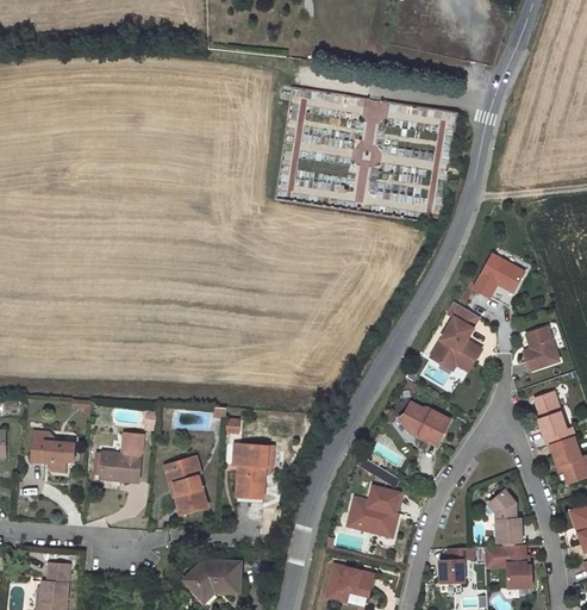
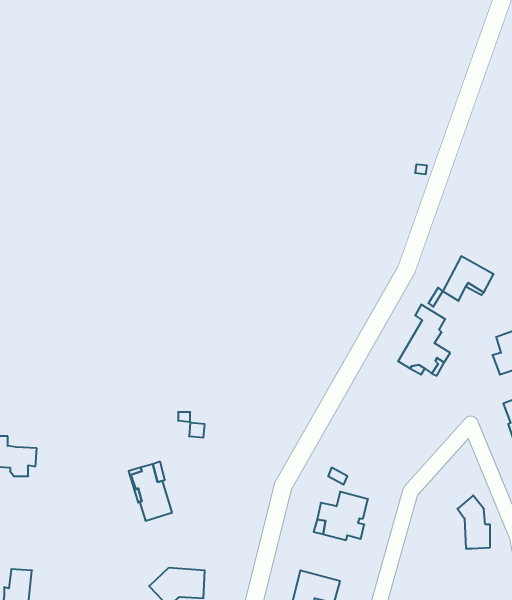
building: [398,402,450,443] -> none
building: [94,434,143,481] -> none
building: [236,444,267,502] -> none
building: [483,544,531,587] -> none
building: [439,547,472,584] -> none

